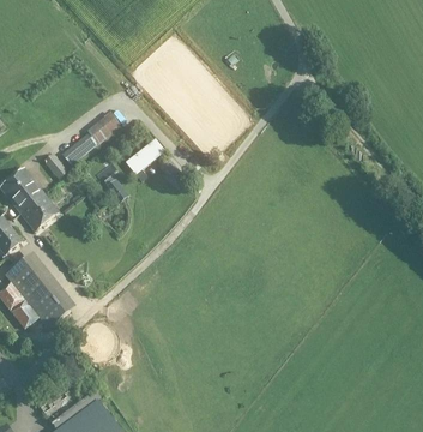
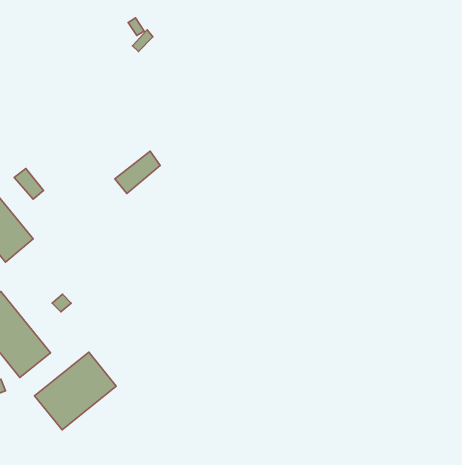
building: [61,109,121,164] -> none
building: none -> [35,352,116,430]

